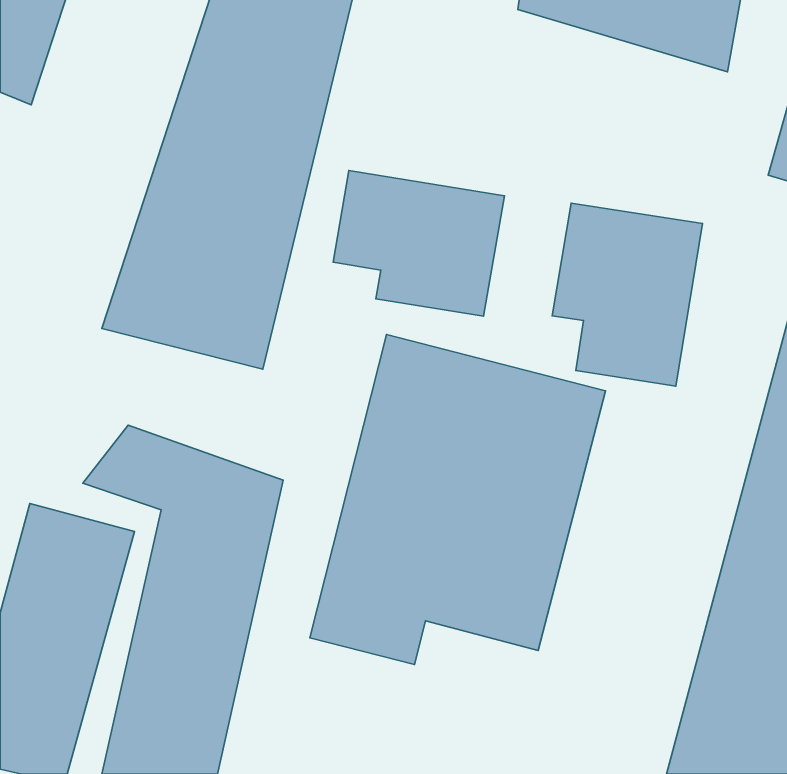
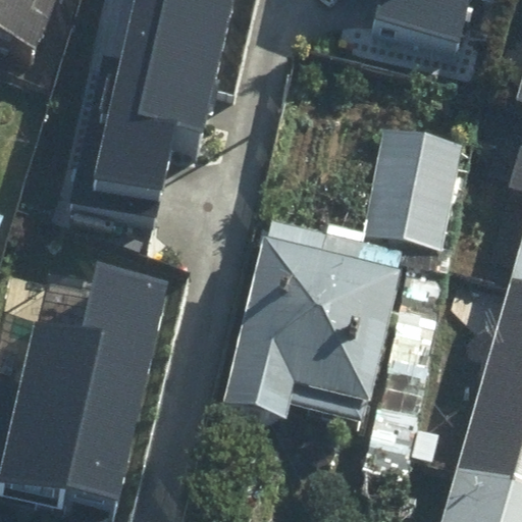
building: [333,171,504,316] -> none

